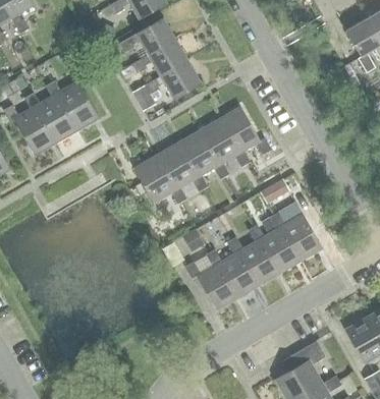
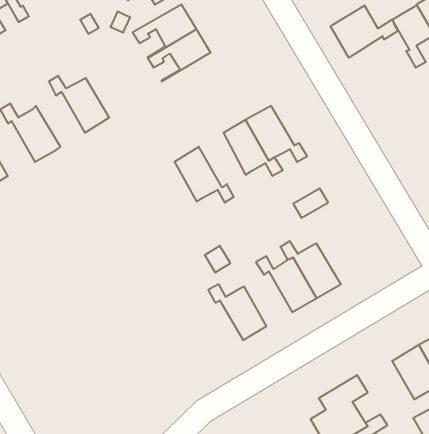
building: none -> [331,5,398,58]
building: [145,59,201,97] -> none
building: [24,92,77,141] -> none
building: [177,129,229,178] -> none
building: [133,155,187,203] -> none
building: [270,212,323,262] -> none
building: [207,249,259,298] -> none

